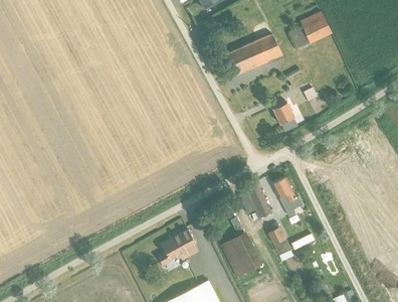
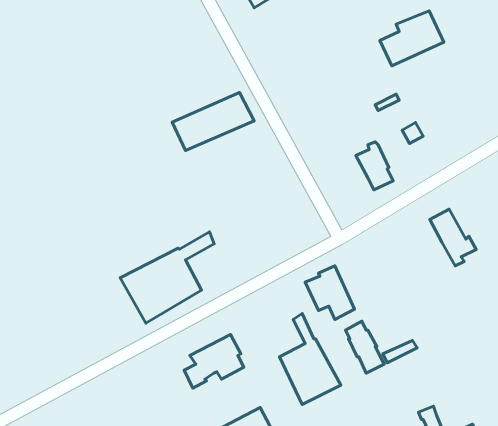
building: [227,34,282,73] -> [172,92,254,151]
building: none -> [120,232,214,323]
building: [272,177,304,215] -> [430,209,476,266]

